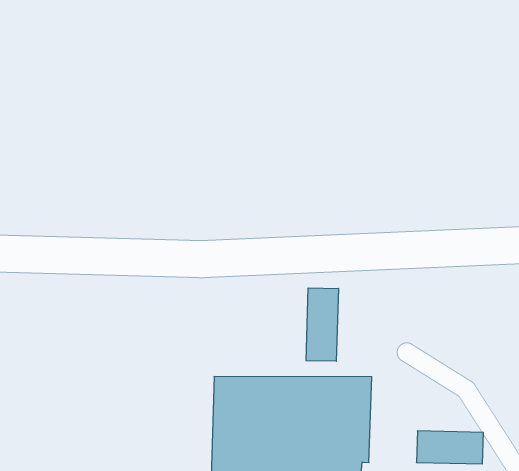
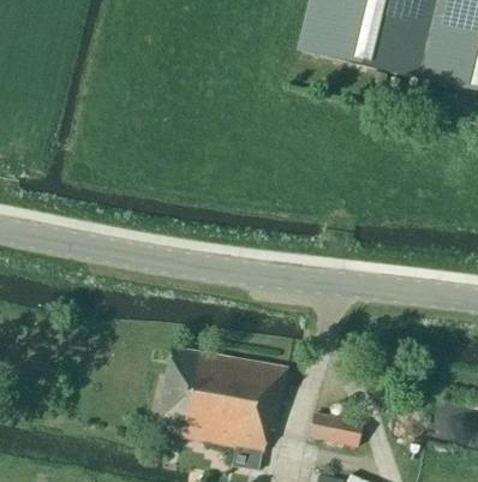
building: [306,288,338,361] -> none

